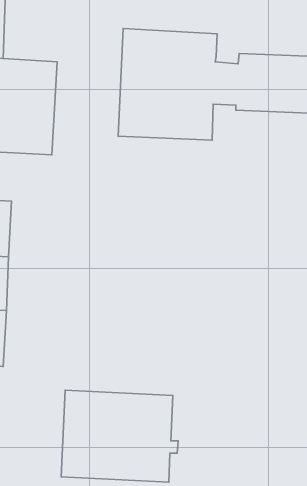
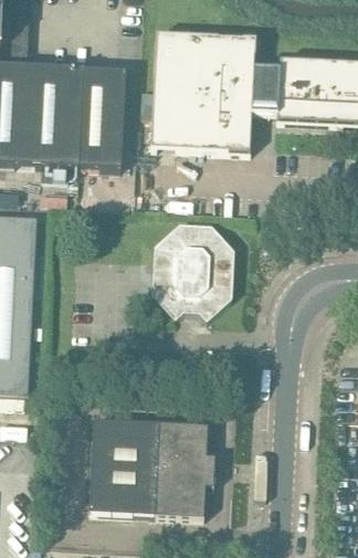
building: none -> [80,69,126,170]
building: none -> [152,224,234,322]

